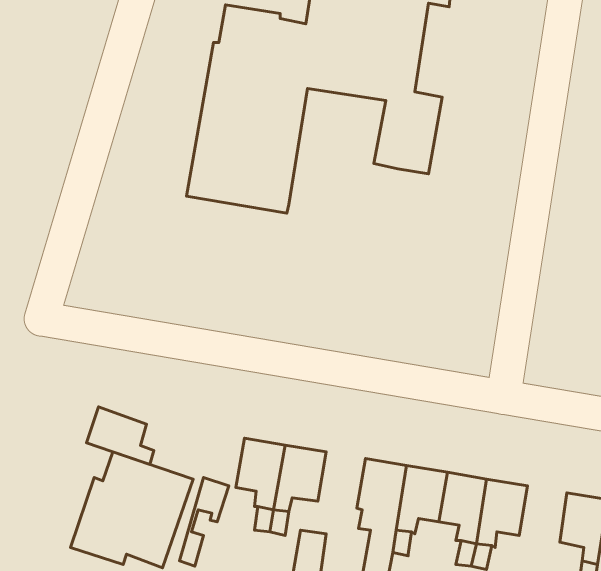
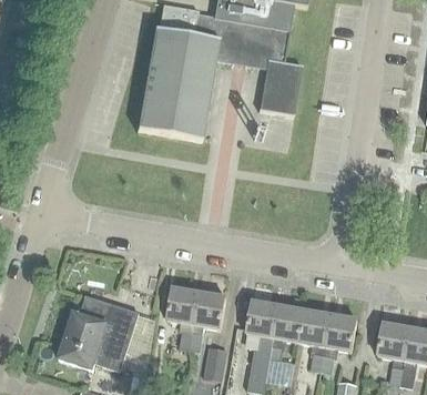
building: [86,407,154,464] -> none

